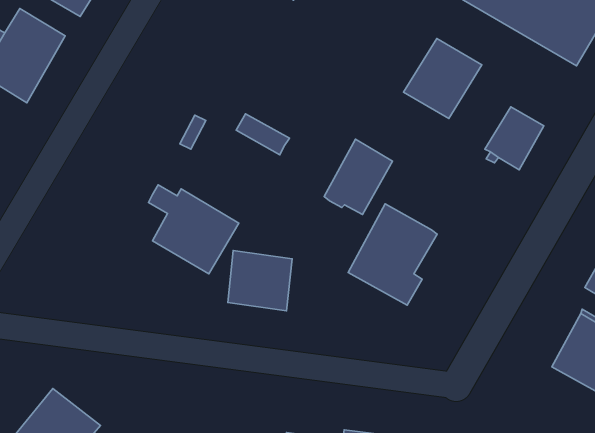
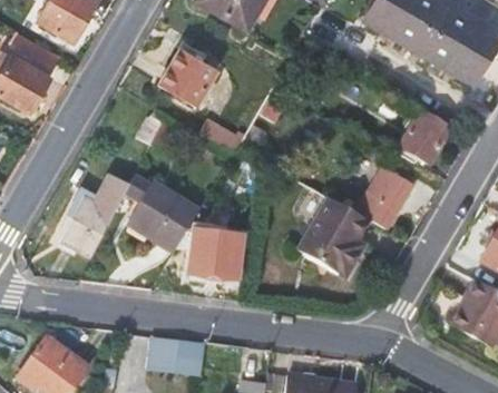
building: none -> [160,49,218,107]
building: [404,39,482,119] -> none
building: [324,139,393,214] -> [358,167,413,228]
building: none -> [60,175,130,256]
building: none -> [147,333,207,374]

